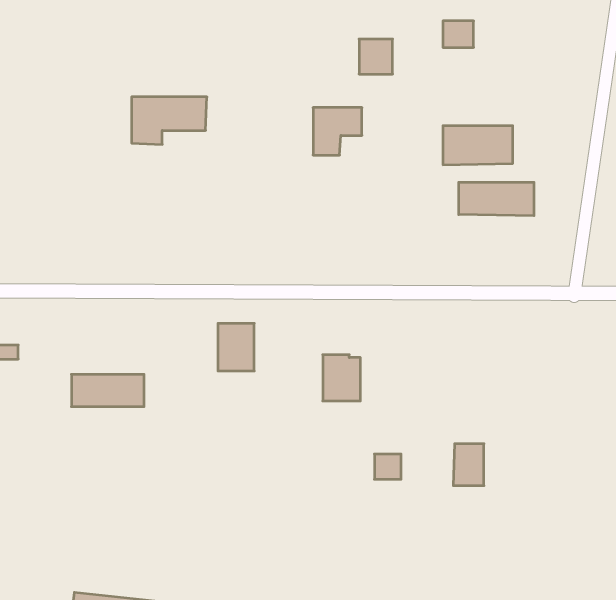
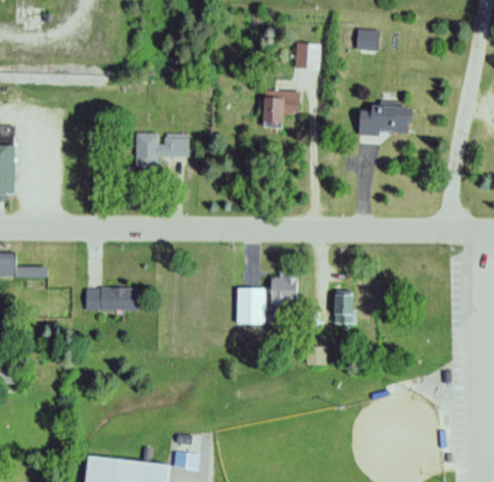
building: [132,97,207,144] -> [136,134,191,168]
building: [459,182,534,216] -> none
building: [218,323,254,371] -> [237,289,263,324]
building: [453,444,484,486] -> [333,293,355,324]

